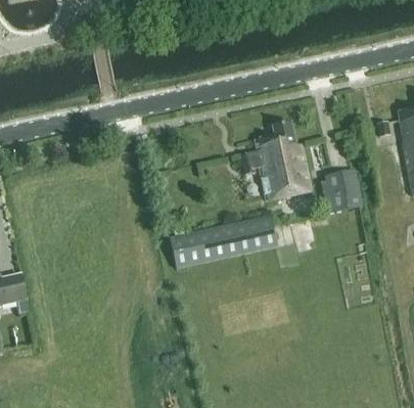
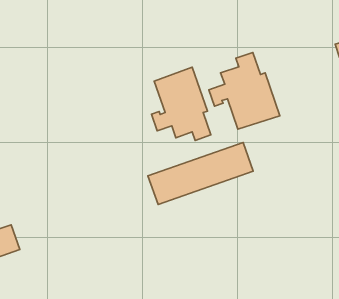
building: none -> [151,67,211,140]
building: [324,168,362,209] -> none

